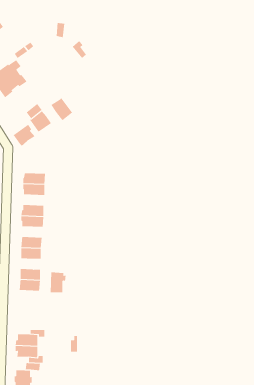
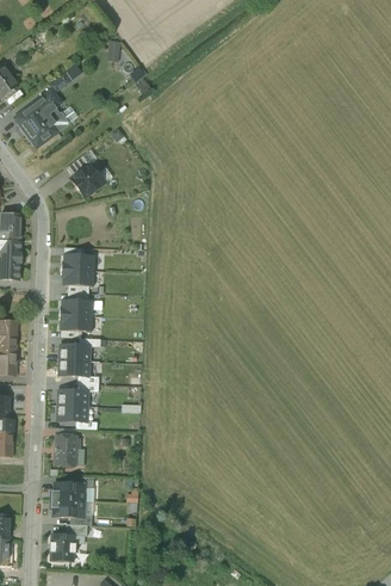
building: [50,97,73,121] -> none
building: [13,124,35,147] -> none
building: [50,272,67,293] -> [55,434,79,464]

